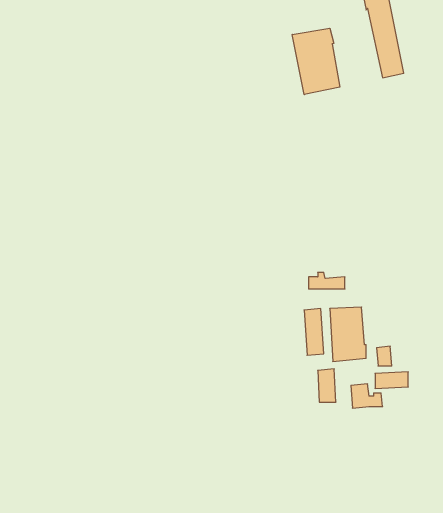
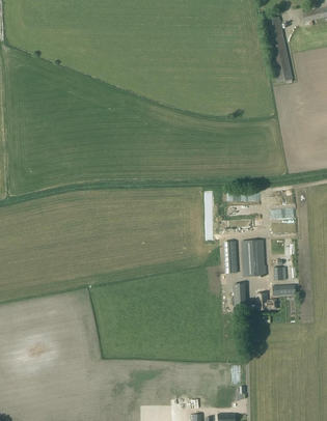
building: [292,28,340,95] -> none

